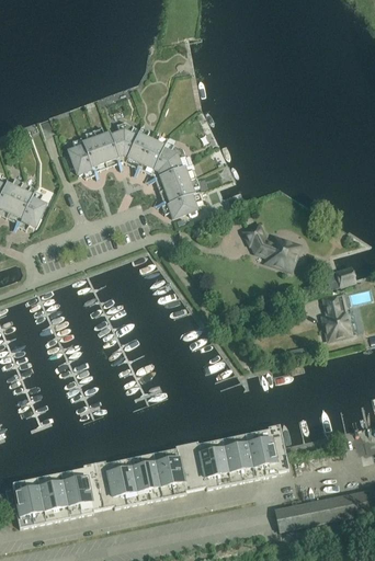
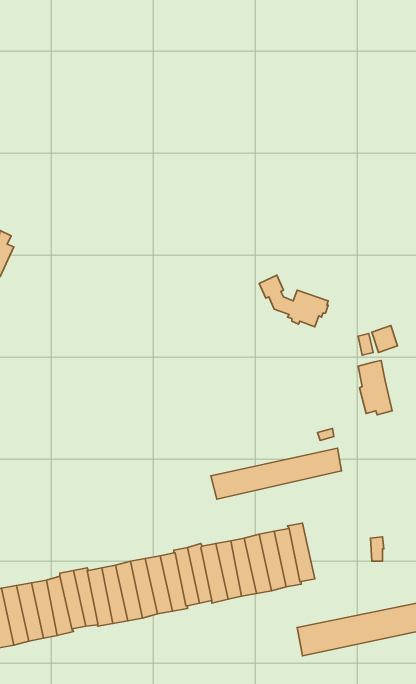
building: [69,121,202,216] -> none
building: none -> [211,448,342,499]

